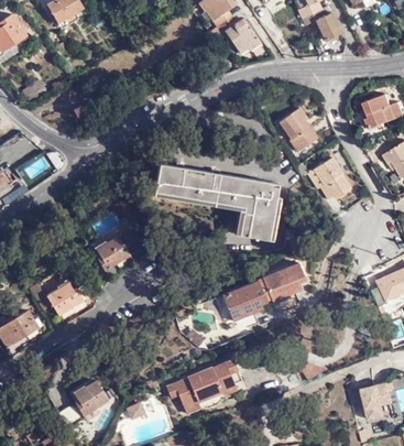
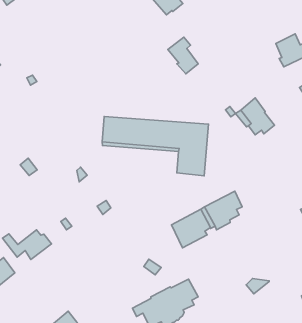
building: [281,110,314,152] -> [168,37,198,74]
building: [96,236,130,271] -> none

